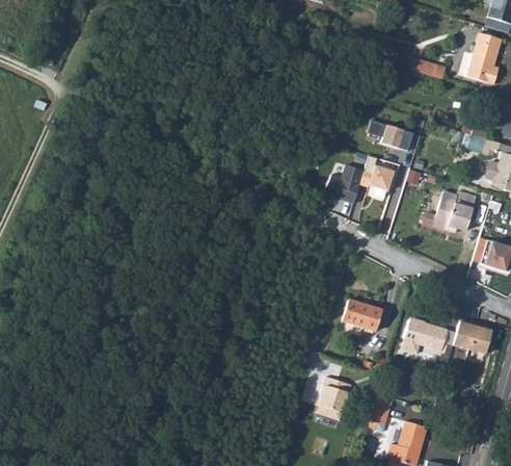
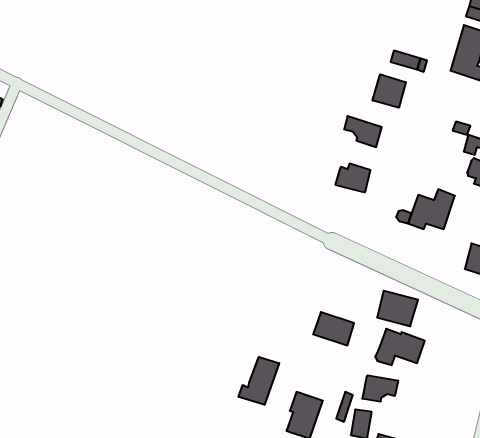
building: none -> [373,74,406,108]
building: [326,164,366,204] -> none
building: [453,322,491,356] -> [377,291,418,326]
building: none -> [238,357,279,405]
building: none -> [363,375,398,402]

